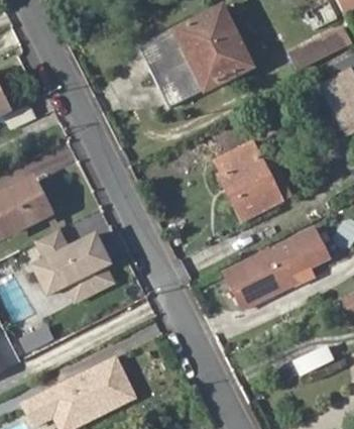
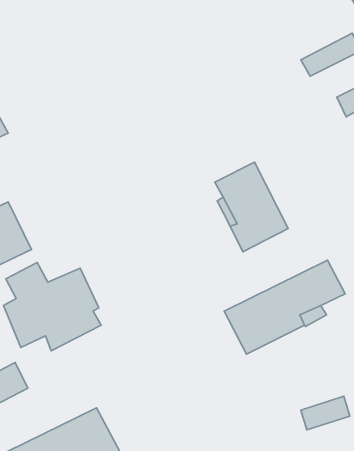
building: [140,5,252,105] -> none

